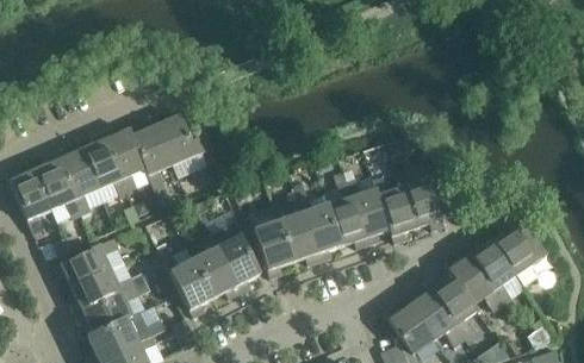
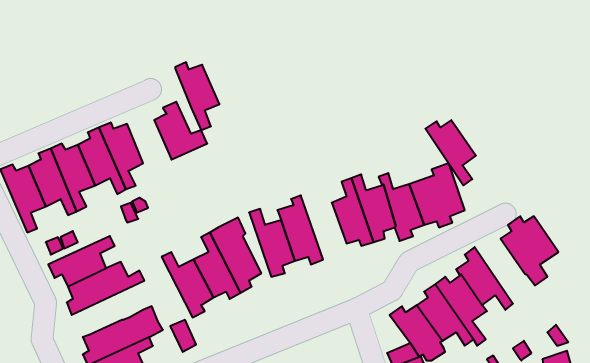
building: [130,124,173,189] -> [175,62,220,130]
building: [298,194,342,261] -> none
building: [466,240,515,303] -> [425,120,476,185]
building: [76,281,150,333] -> none

